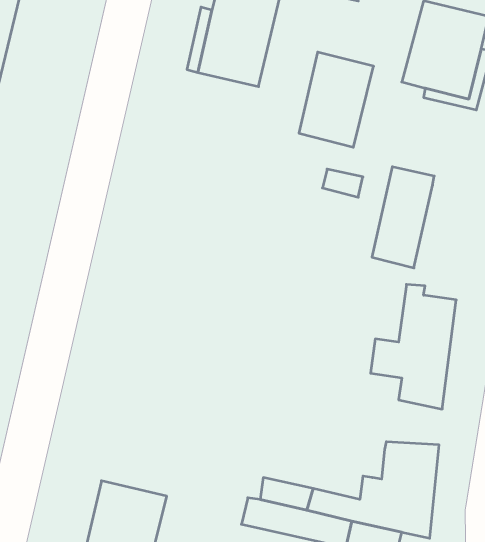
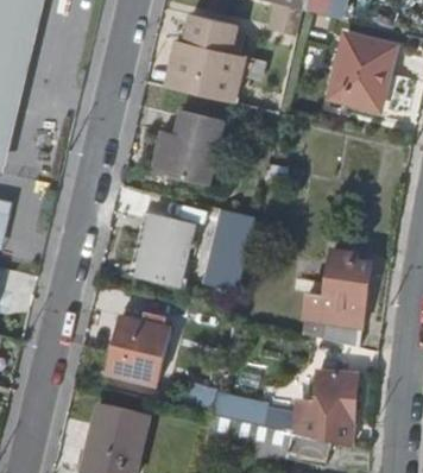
building: [299,52,374,147] -> [165,111,222,183]
building: [372,167,434,268] -> [206,209,253,286]
building: none -> [128,210,192,285]
building: none -> [107,315,170,386]

